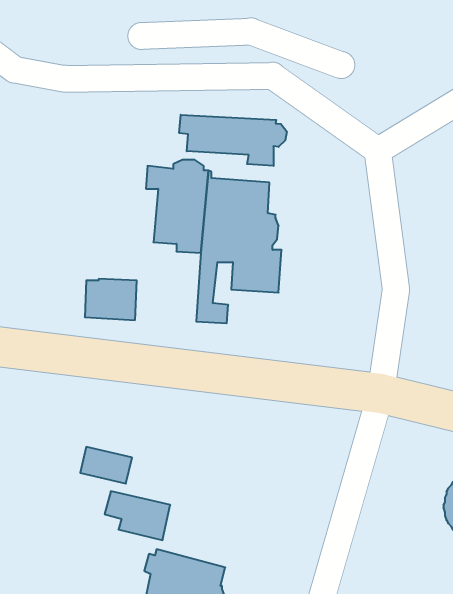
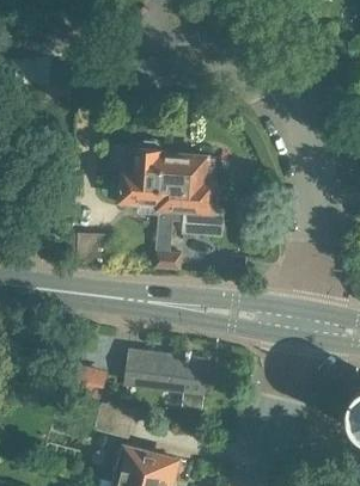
building: [179,115,287,166] -> none
building: none -> [124,347,208,408]

